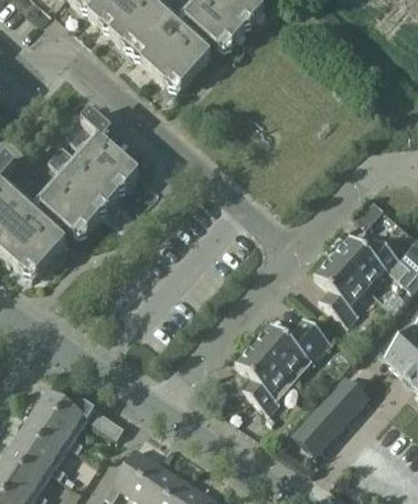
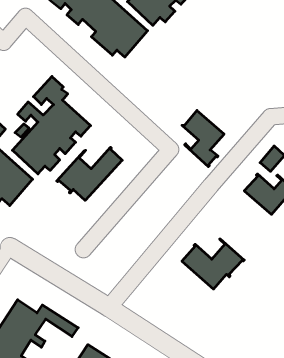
building: none -> [57,147,122,200]
building: [314,254,367,324] -> [182,110,224,167]
building: [236,342,294,411] -> none
building: [292,375,368,453] -> none

